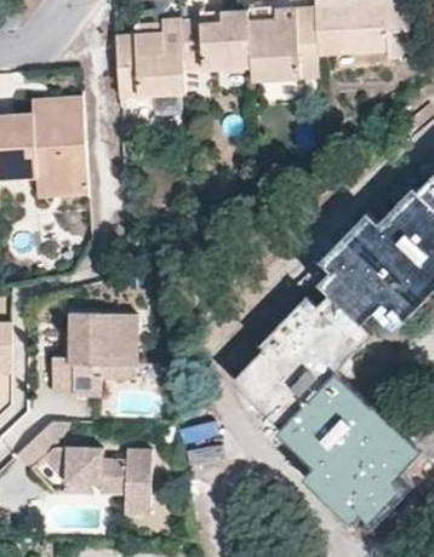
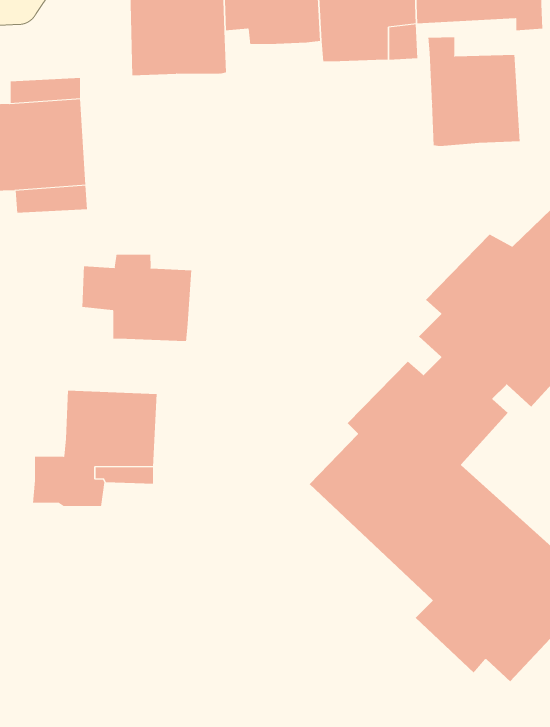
building: none -> [428,37,520,147]
building: none -> [82,254,192,342]
building: [42,450,149,516] -> none

